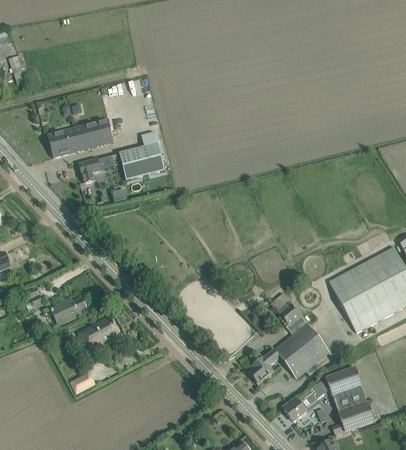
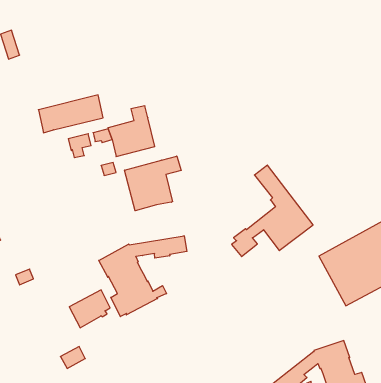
building: none -> [125,156,181,211]
building: none -> [99,236,187,317]
building: [248,292,330,384] -> [232,165,313,257]
building: [51,296,87,324] -> none

